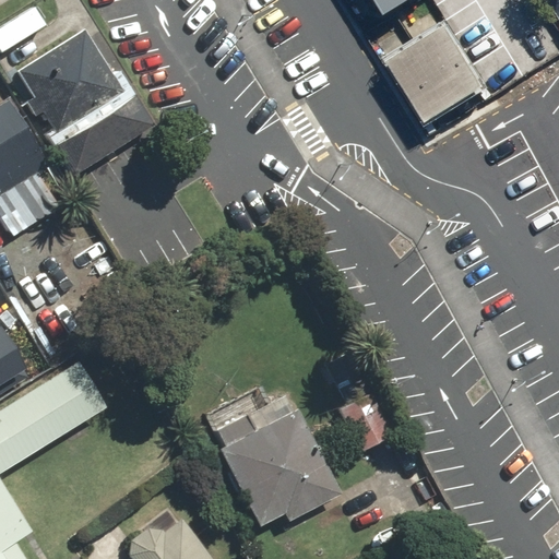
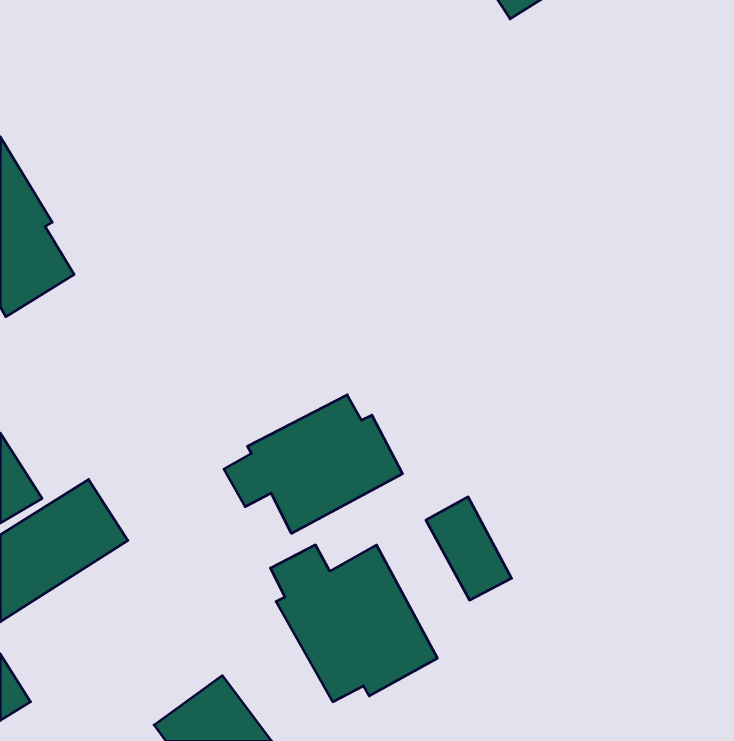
building: [14,27,146,177] -> none
building: [386,27,484,126] -> none
building: none -> [224,395,402,533]

